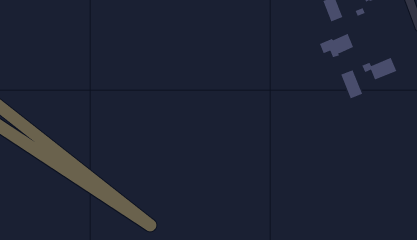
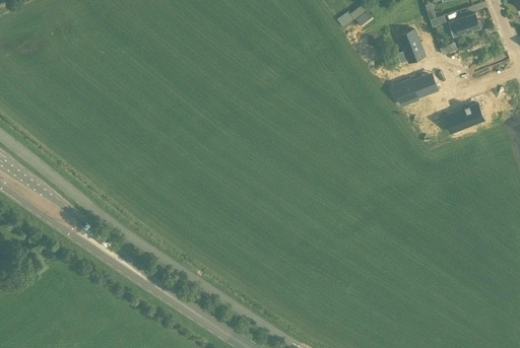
building: [340,70,363,99] -> none

